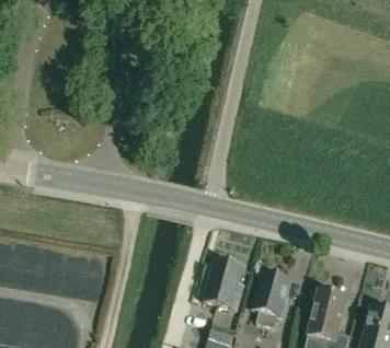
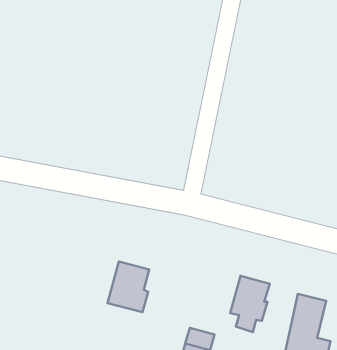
building: [203,258,243,308] -> [108,262,149,312]

